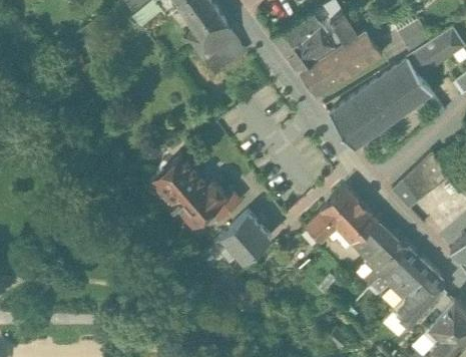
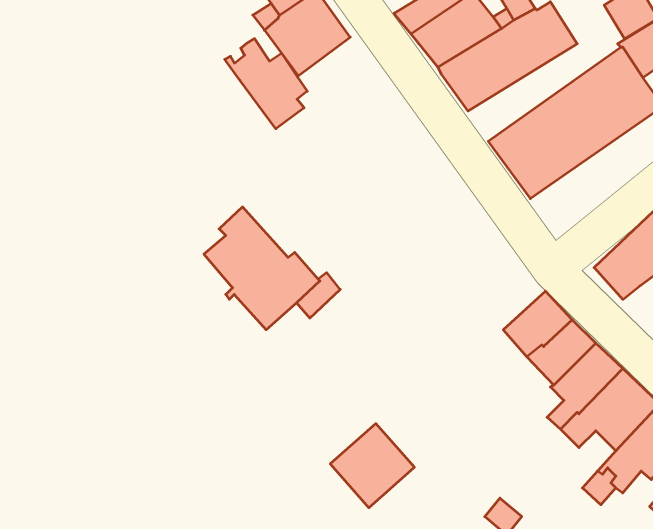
building: none -> [225,39,307,129]
building: [305,186,362,242] -> none
building: [220,212,271,262] -> [330,424,414,508]

